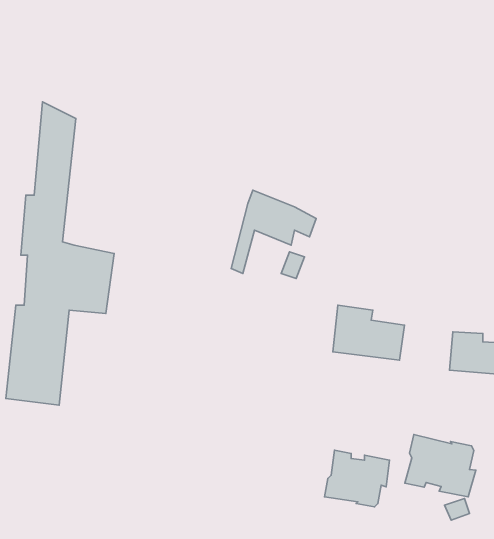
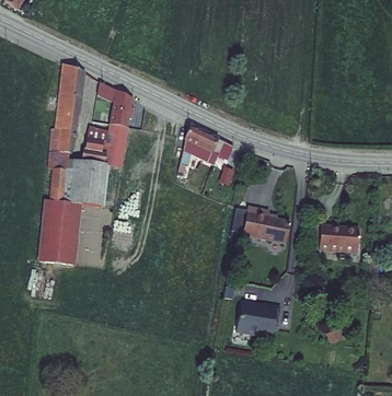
building: none -> [81,86,130,171]
building: [405,434,476,497] -> none

